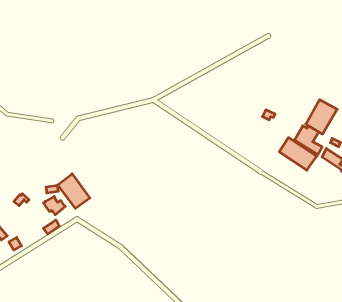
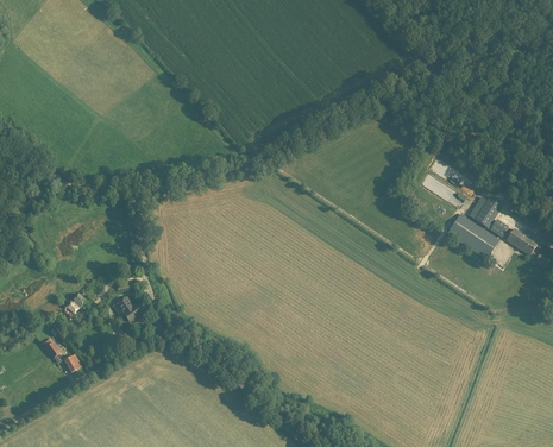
building: [306,100,337,134] -> none
building: [58,174,90,208] -> none

